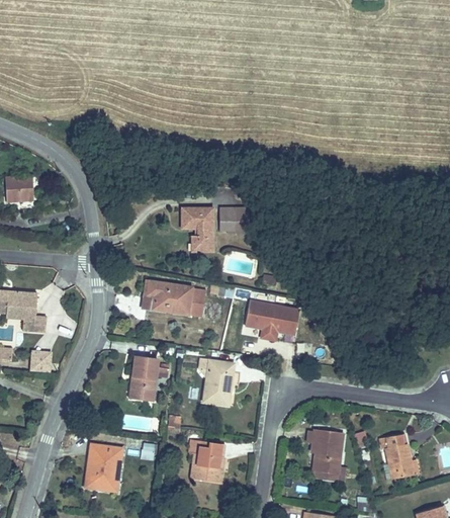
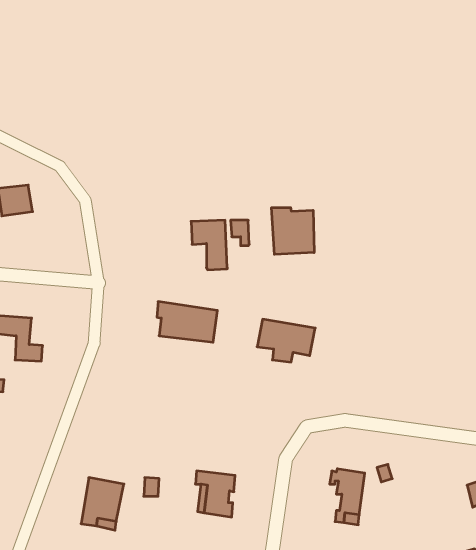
building: none -> [272,208,314,254]
building: [30,353,52,373] -> none
building: [198,354,233,403] -> none
building: [129,355,157,405] -> none
building: [378,438,411,483] -> none

